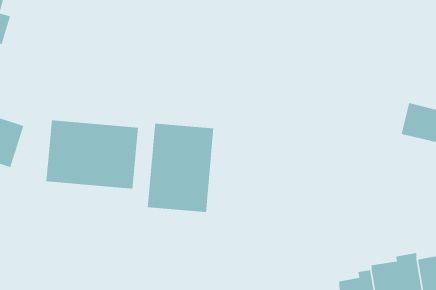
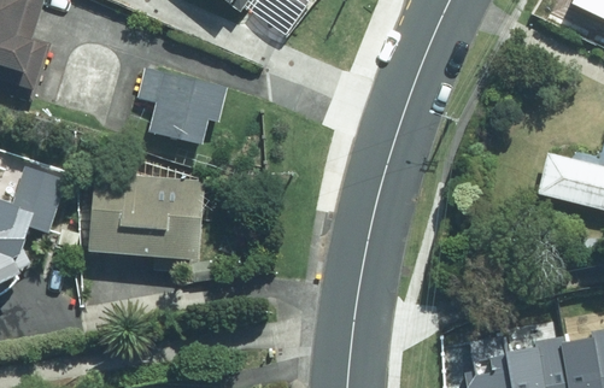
building: none -> [137,66,229,143]
building: [147,123,214,213] -> none

